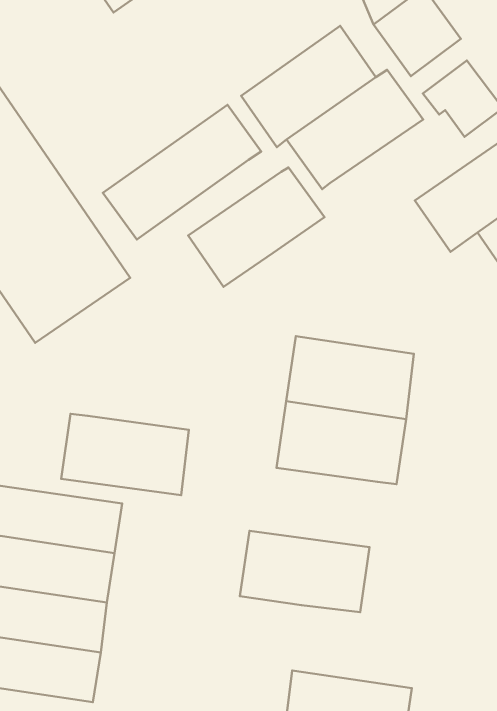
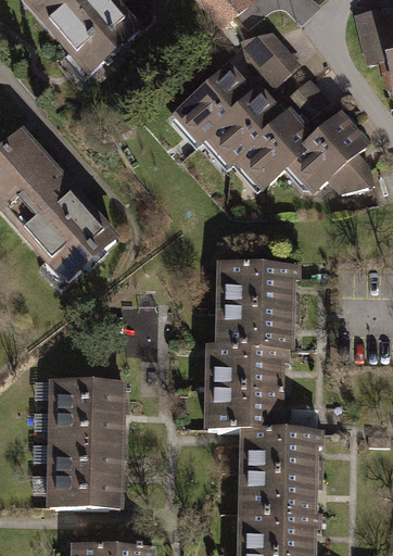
building: [103,105,261,239] -> none
building: [188,168,324,287] -> [232,112,316,191]
building: [61,414,189,495] -> [208,343,284,386]
building: none -> [245,427,322,470]

